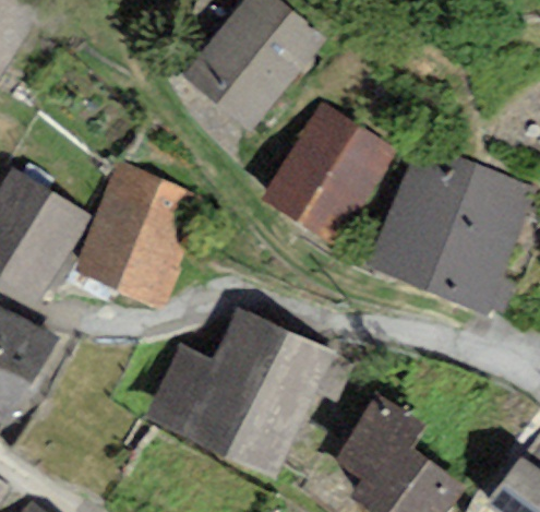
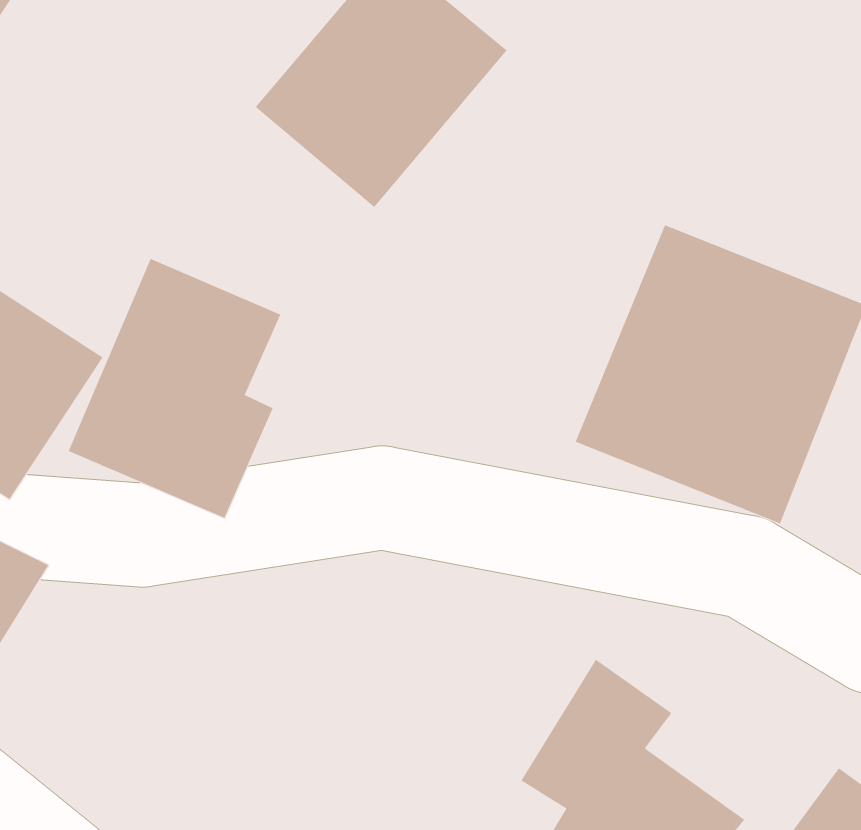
building: [261,102,396,247] -> none
building: [144,305,335,478] -> none

